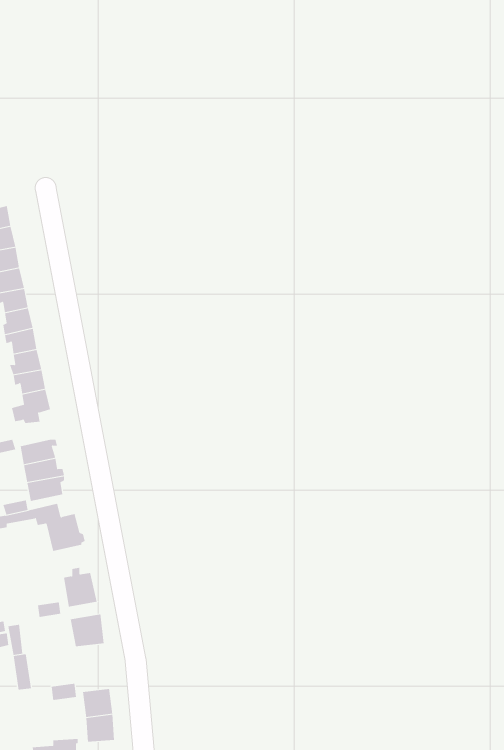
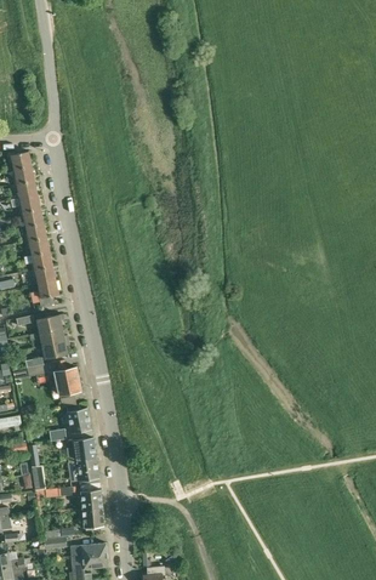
building: none -> [67,459,98,483]

